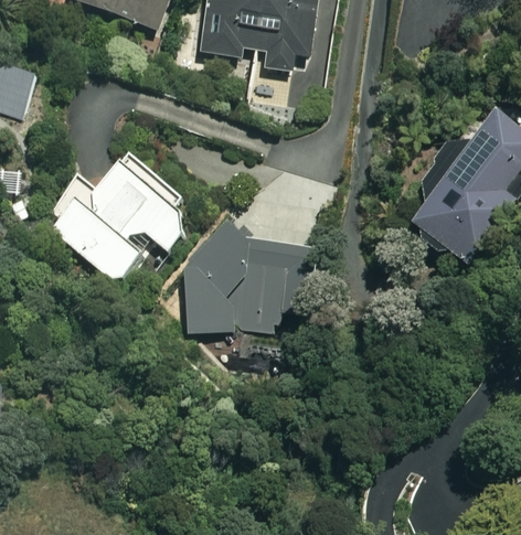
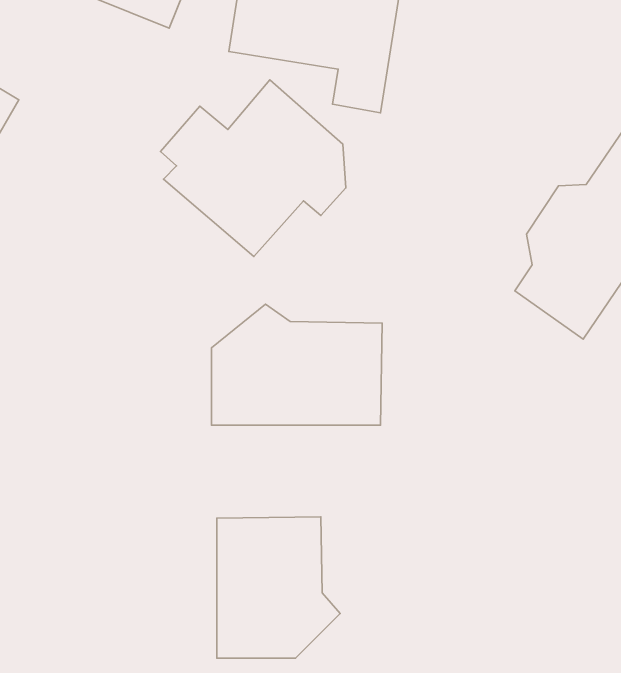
building: [45,151,185,285] -> [161,80,346,256]
building: none -> [217,517,340,658]

